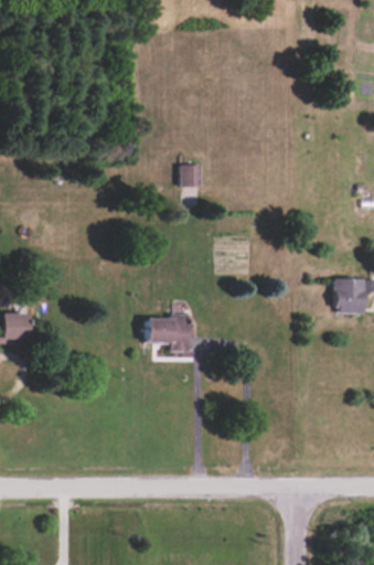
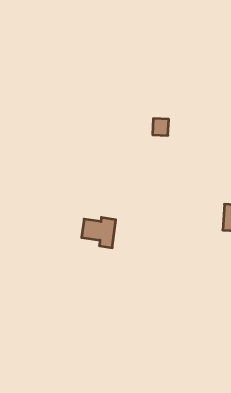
building: [180,163,202,186] -> [153,119,169,135]

